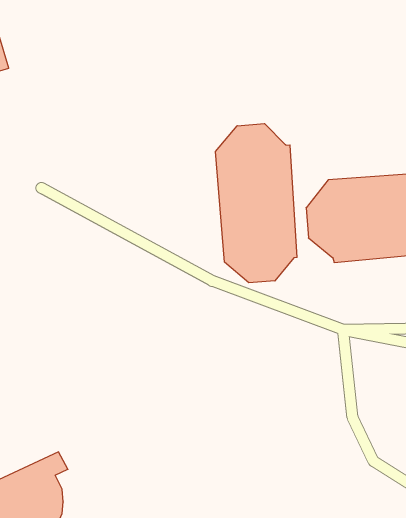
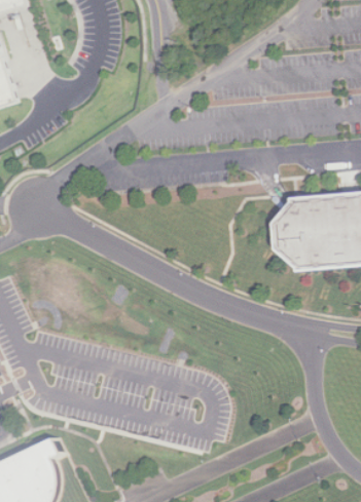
building: [216,124,297,283] -> none

